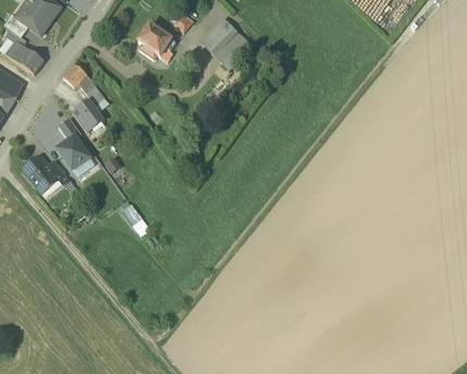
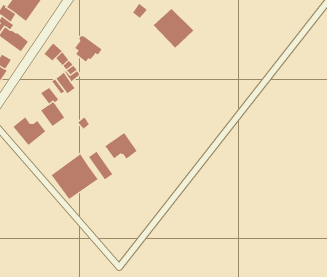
building: [138,25,174,59] -> [74,36,103,62]
building: none -> [105,132,137,159]
building: none -> [51,153,99,200]

